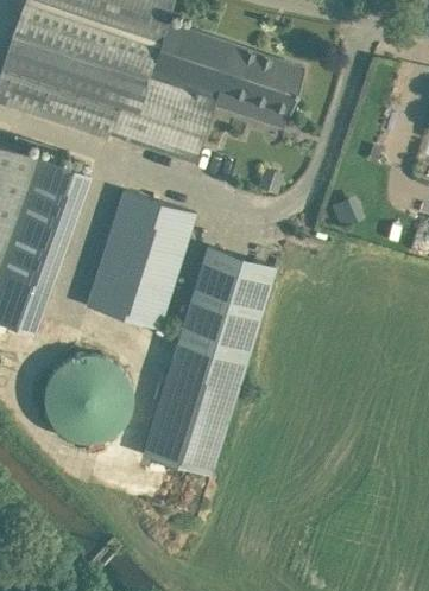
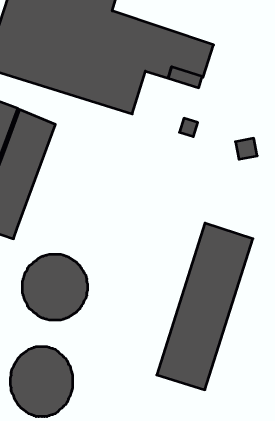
building: [87,191,195,329] -> none
building: [145,248,276,475] -> [157,223,253,390]
building: none -> [10,347,73,417]

